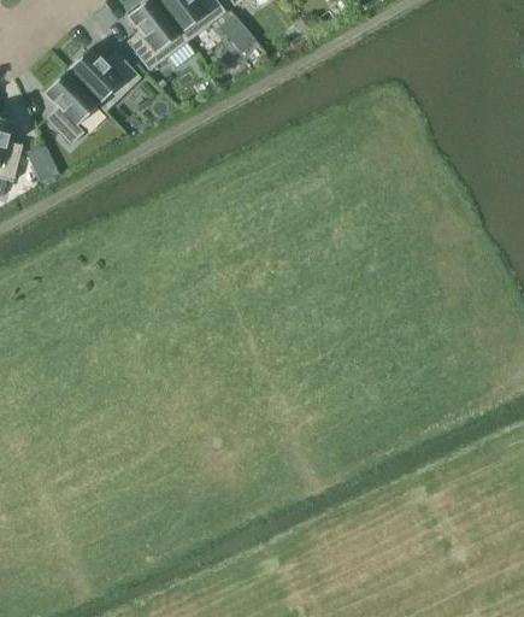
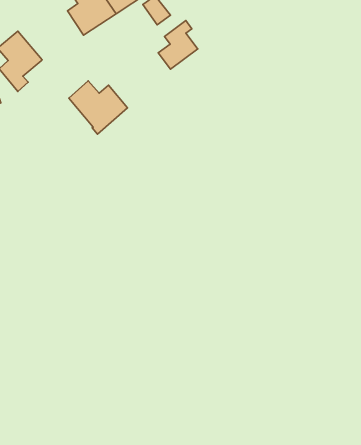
building: none -> [158,20,198,69]
building: [66,47,140,112] -> [69,81,127,134]

